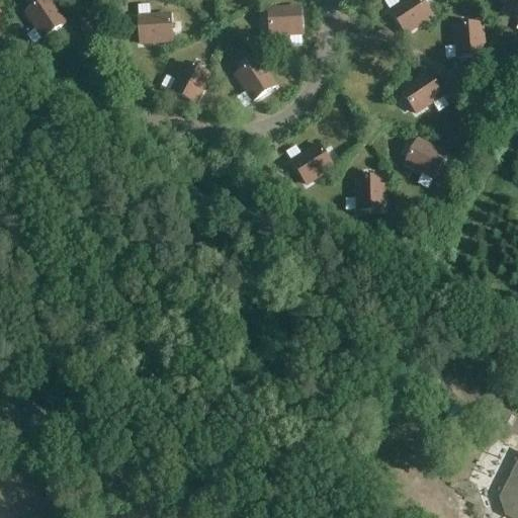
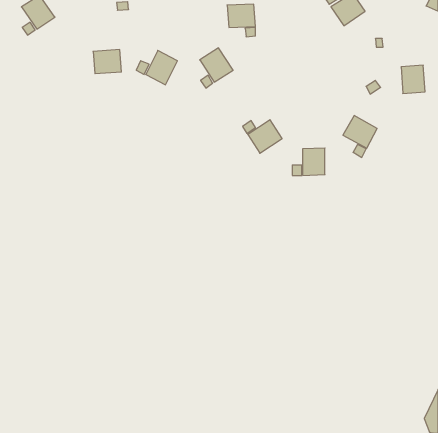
building: [139,12,172,40] -> [93,50,121,74]
building: [455,21,484,55] -> [401,65,425,93]
building: [401,71,442,110] -> none

